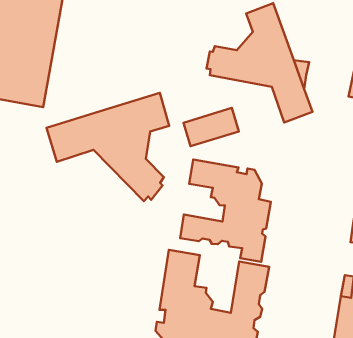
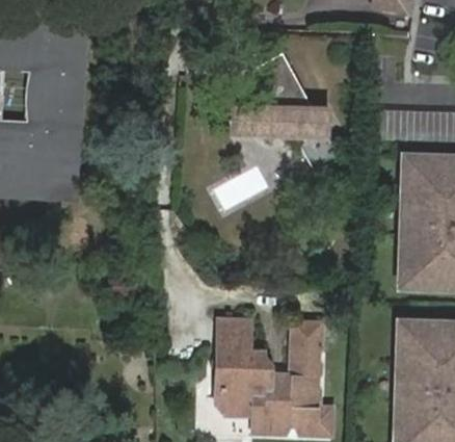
building: [47,93,169,201] -> none
building: [180,159,271,262] -> none

